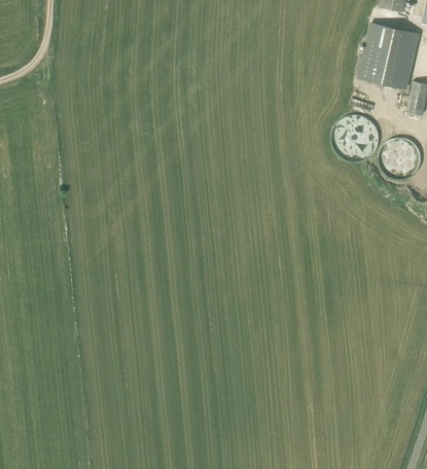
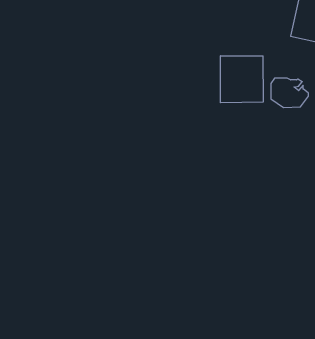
building: none -> [221,56,263,103]

